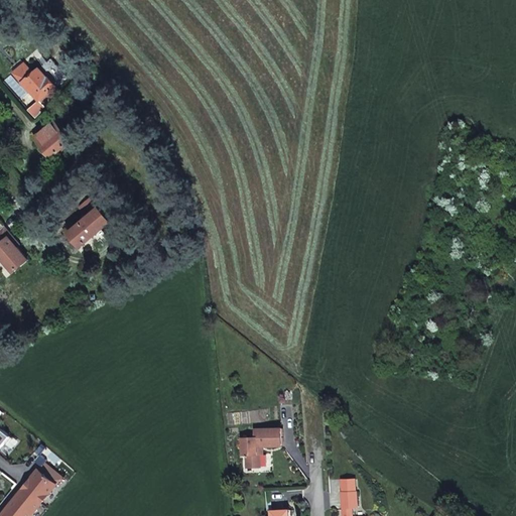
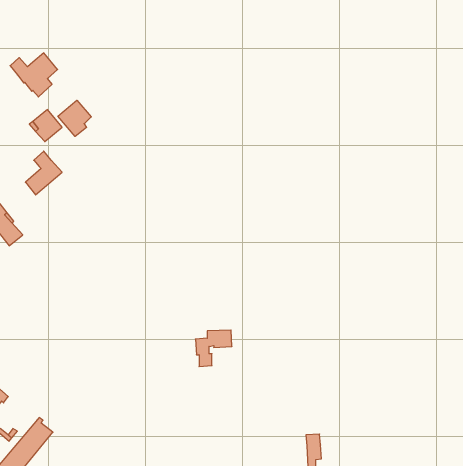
building: none -> [58,100,91,136]
building: [68,199,108,247] -> [25,151,62,195]
building: [239,428,279,469] -> [195,330,232,367]

